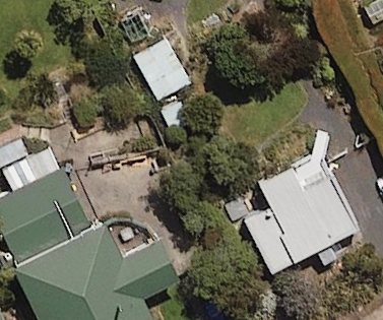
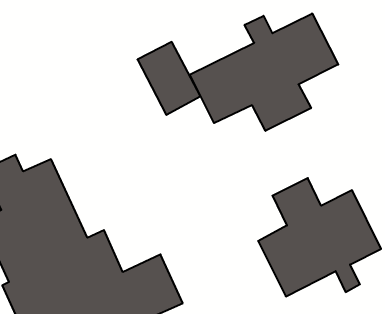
building: none -> [190,13,338,131]

